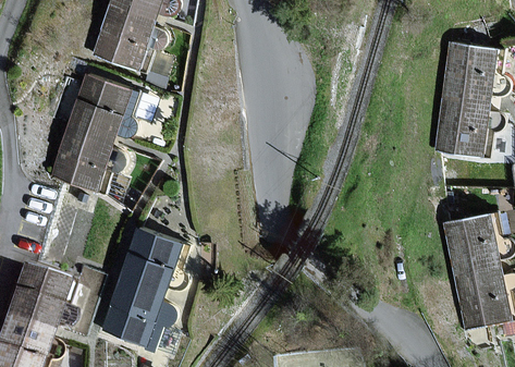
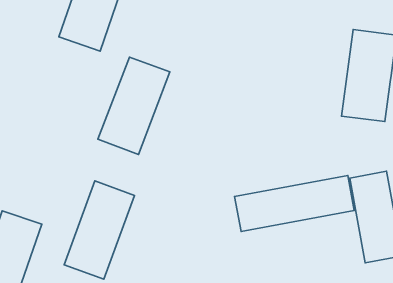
building: [47,76,134,194] -> [98,57,170,155]
building: none -> [235,175,354,231]

